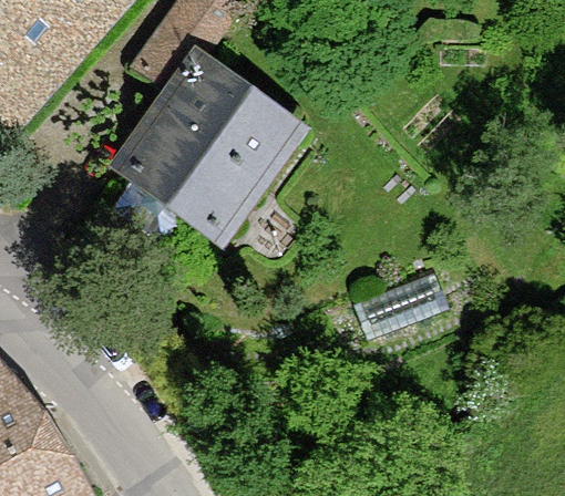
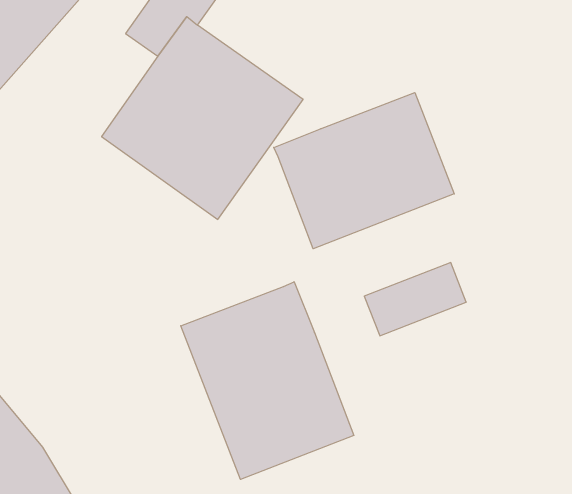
building: none -> [274,93,454,249]
building: none -> [181,282,354,479]

